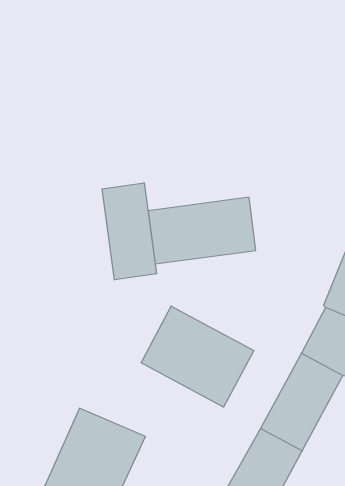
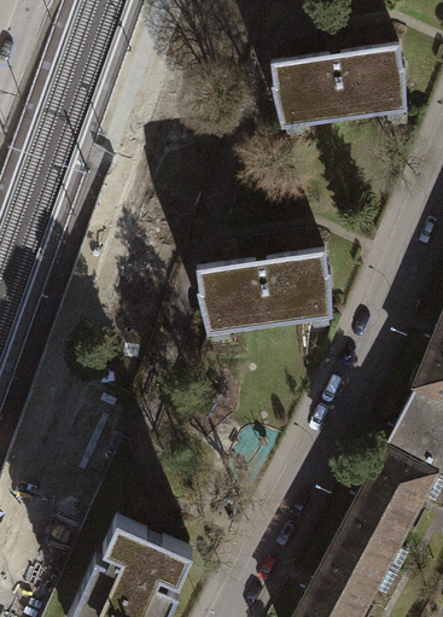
building: none -> [268,46,403,129]
building: [102,183,156,280] -> none
building: [141,306,254,407] -> none

